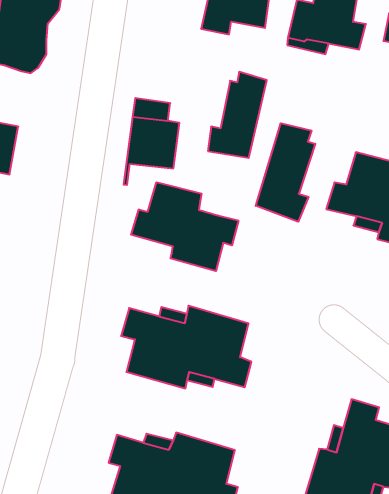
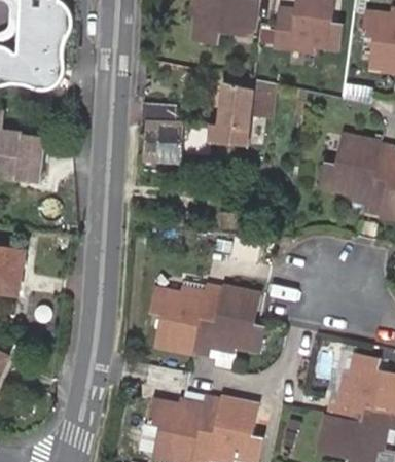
building: [256,123,315,222] -> none
building: [131,182,238,271] -> none

